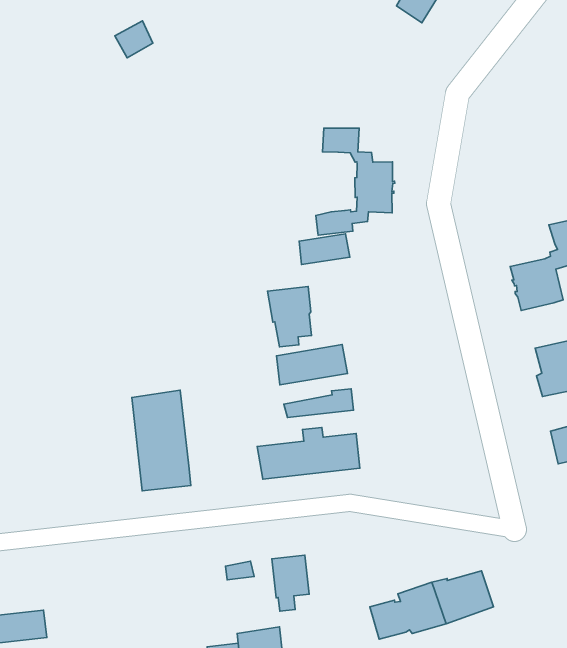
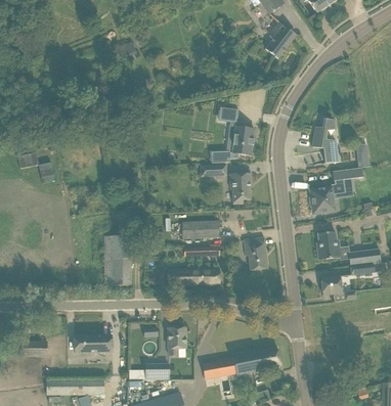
building: none -> [311,119,338,164]
building: [267,287,312,347] -> [229,174,251,204]
building: none -> [243,237,267,270]
building: none -> [74,335,112,353]

